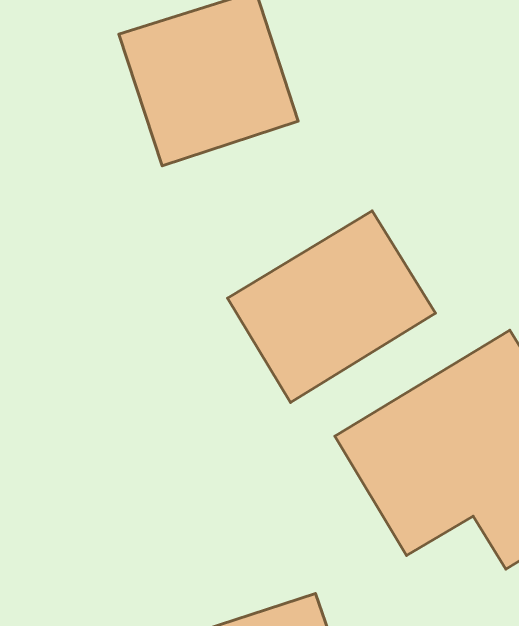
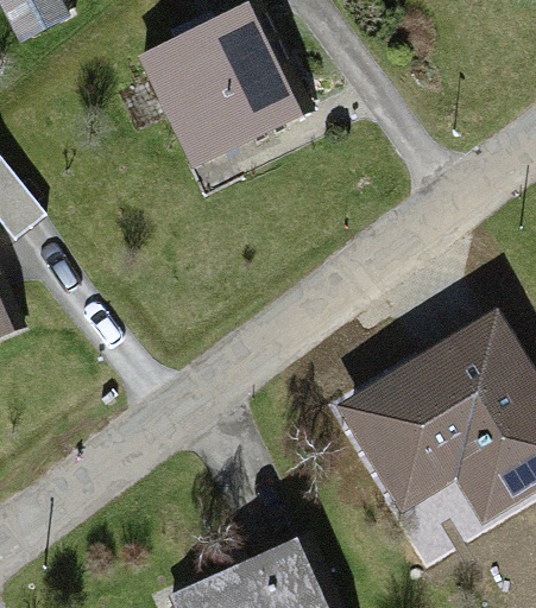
building: [228,211,435,402] -> none

